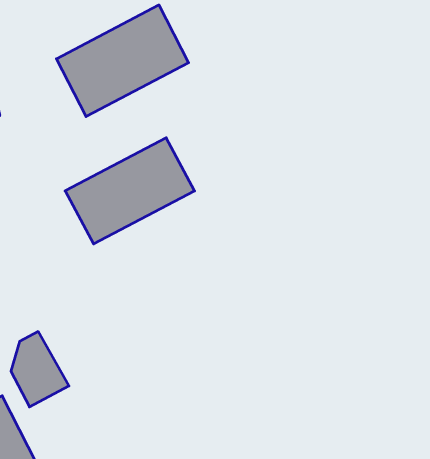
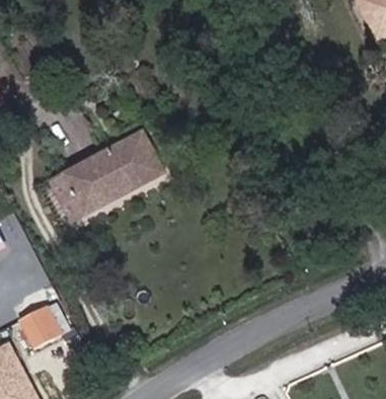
building: [56,5,189,117] -> none

